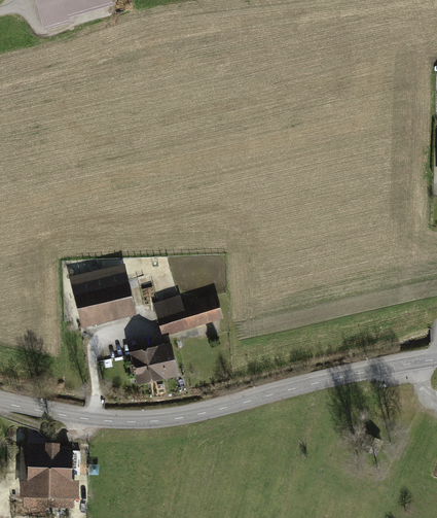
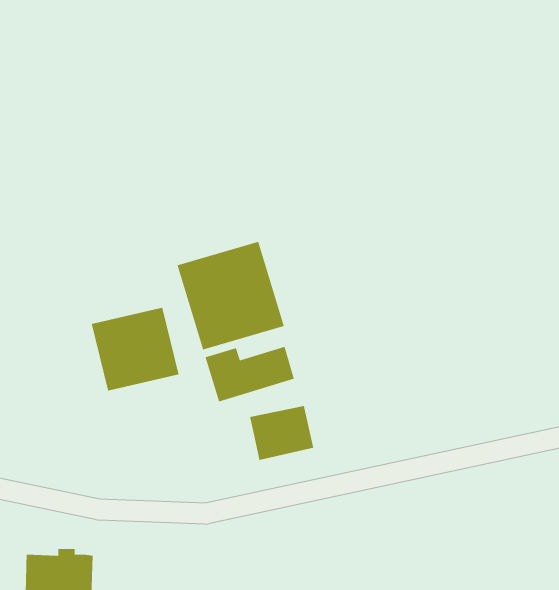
building: none -> [176,241,285,351]
building: [131,345,179,386] -> [249,405,314,461]

